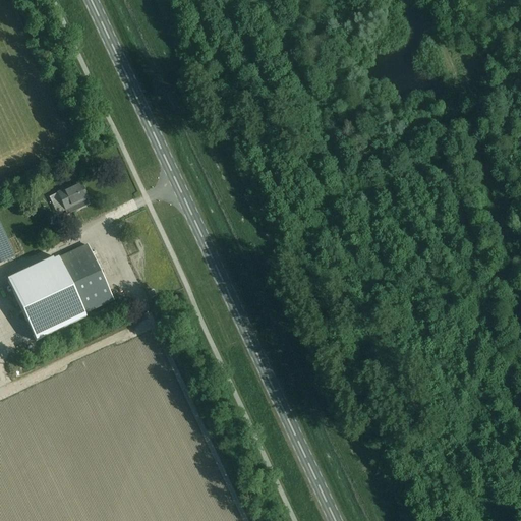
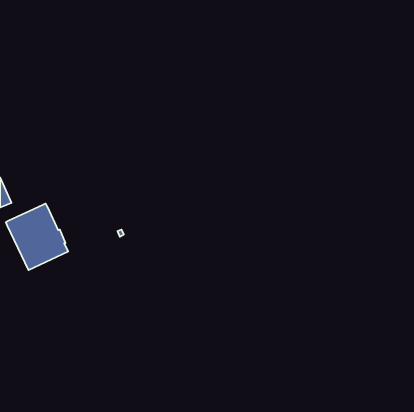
building: [57,180,88,208] -> none
building: [59,242,113,310] -> none

